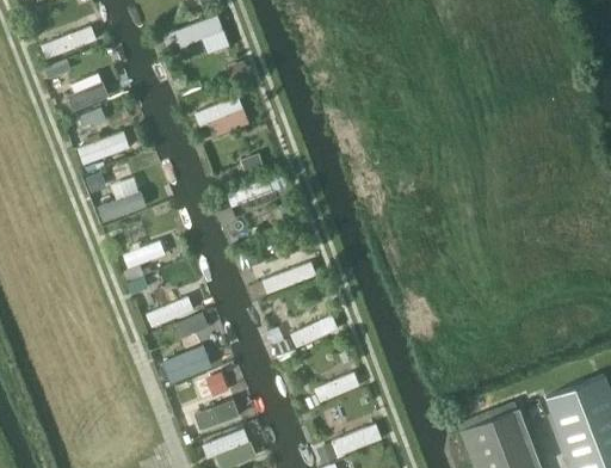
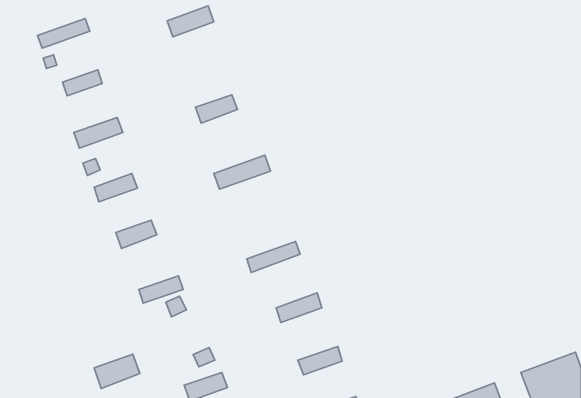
building: [163,347,211,383] -> [94,354,140,388]

